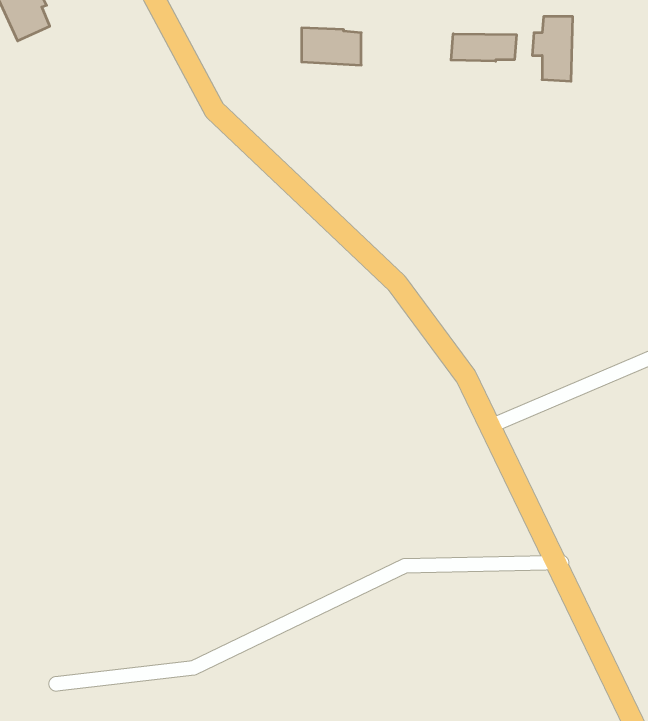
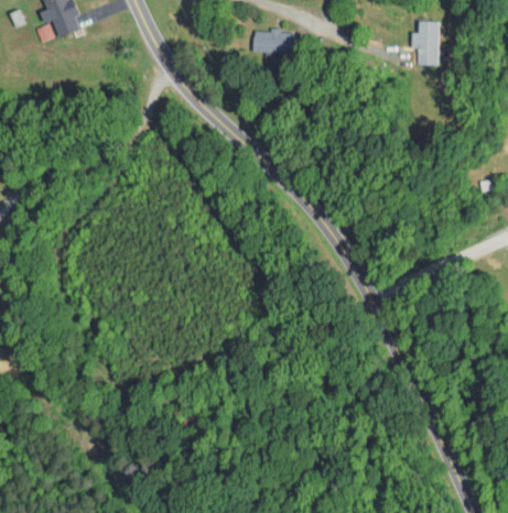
building: [451,34,516,61] -> none

